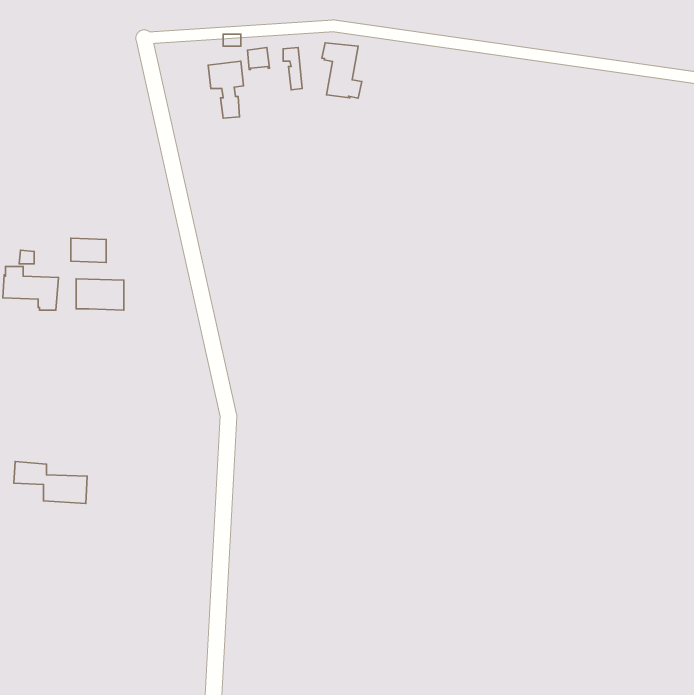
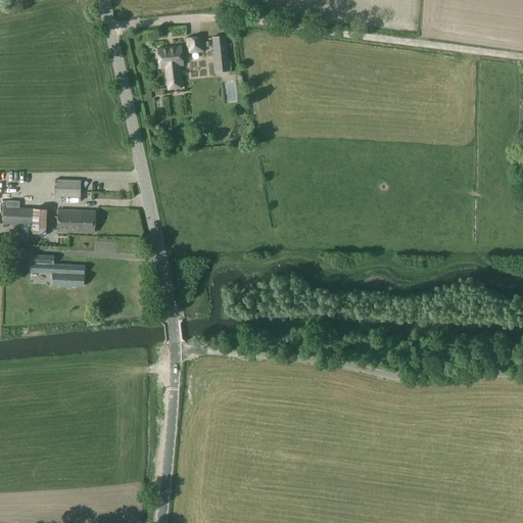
building: [322,43,362,98] -> none
building: [14,461,87,504] -> [29,254,84,286]

